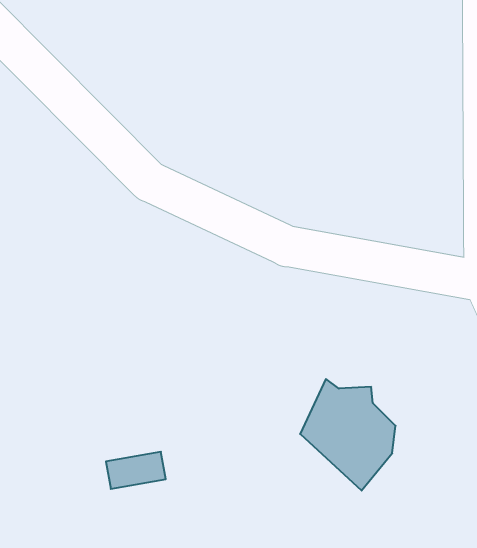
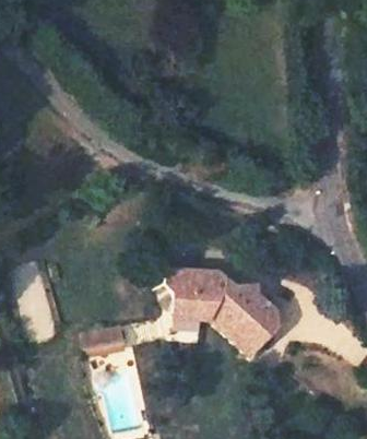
building: none -> [169,271,230,318]

